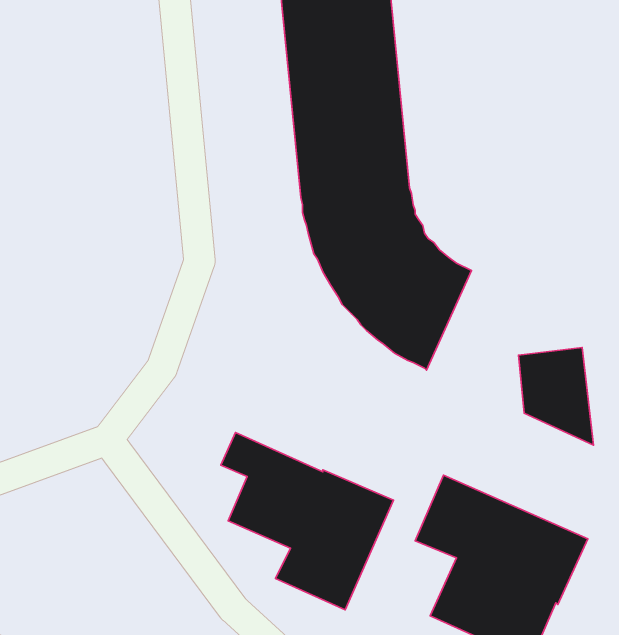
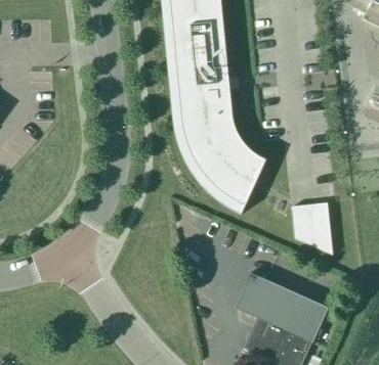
building: [221,433,393,610] -> none

